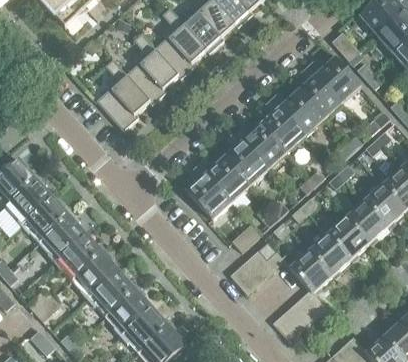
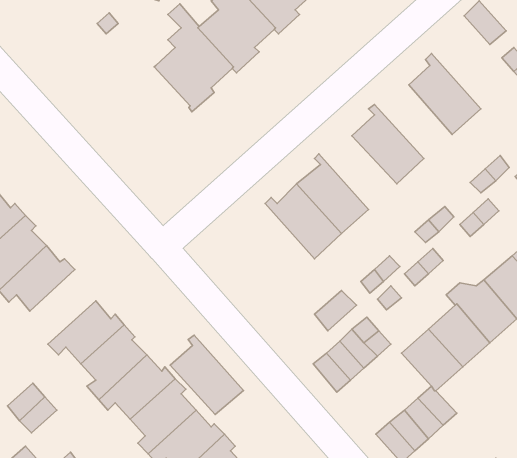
building: [310,54,362,104] -> none
building: [96,60,149,132] -> none
building: [272,88,324,137] -> none
building: [235,122,287,171] -> none
building: [183,167,232,220] -> [170,335,244,415]
building: [42,211,86,261] -> none

